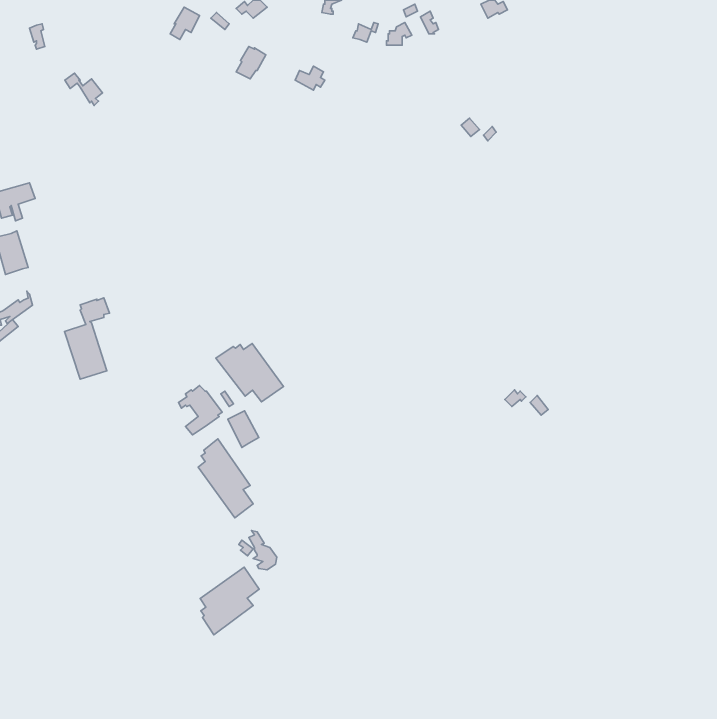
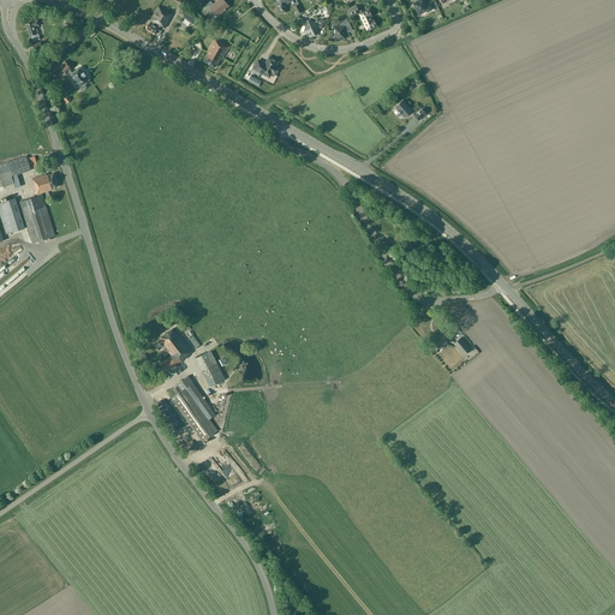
building: [65,298,110,379] -> [18,173,56,243]
building: [216,344,283,402] -> none
building: [200,567,259,635] -> none

